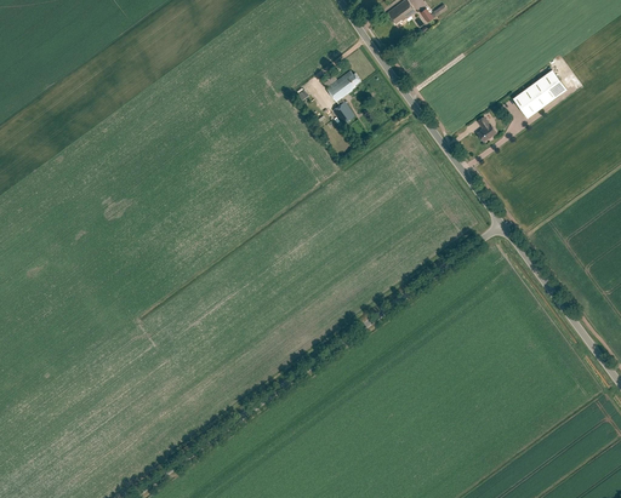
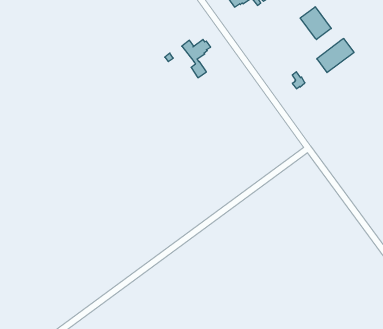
building: none -> [300,7,331,40]

